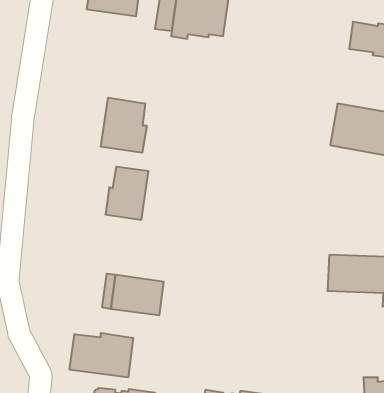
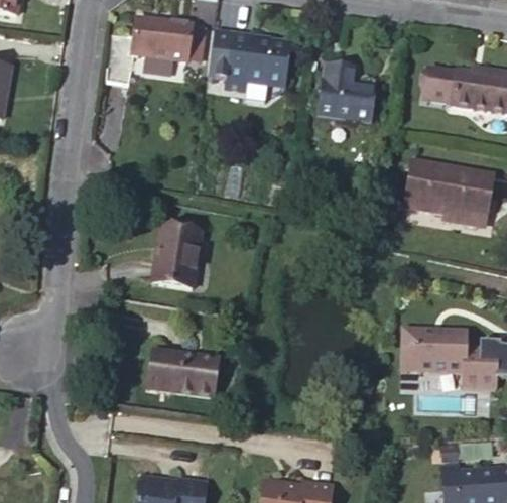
building: none -> [319,62,376,120]
building: [101,98,147,153] -> none
building: [69,333,133,377] -> none

